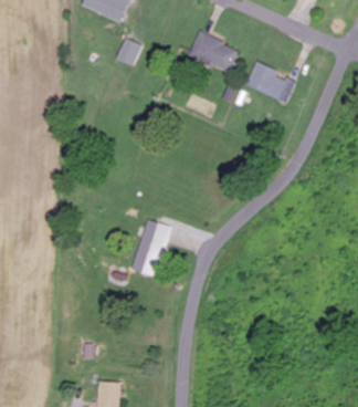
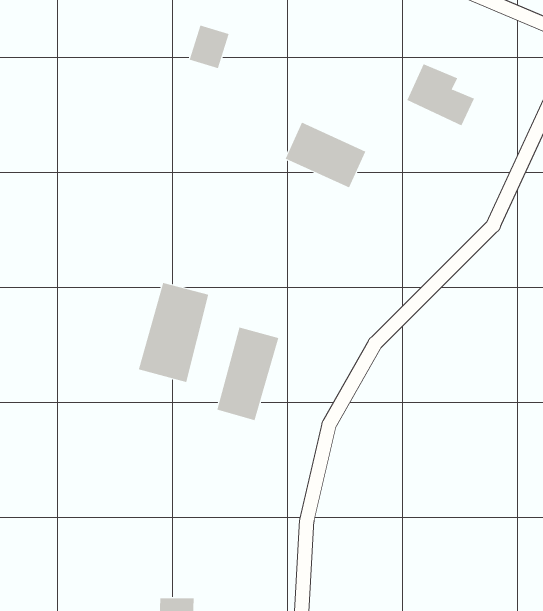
building: [188,31,236,71] -> [285,122,366,188]
building: none -> [138,282,209,383]

